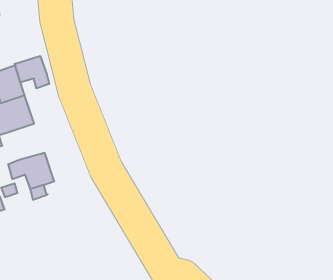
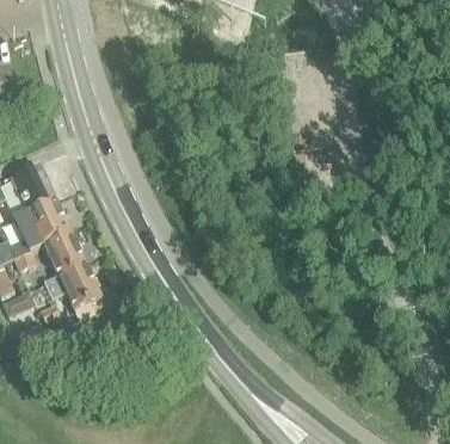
building: [15,56,49,88] -> none
building: none -> [41,228,85,273]

